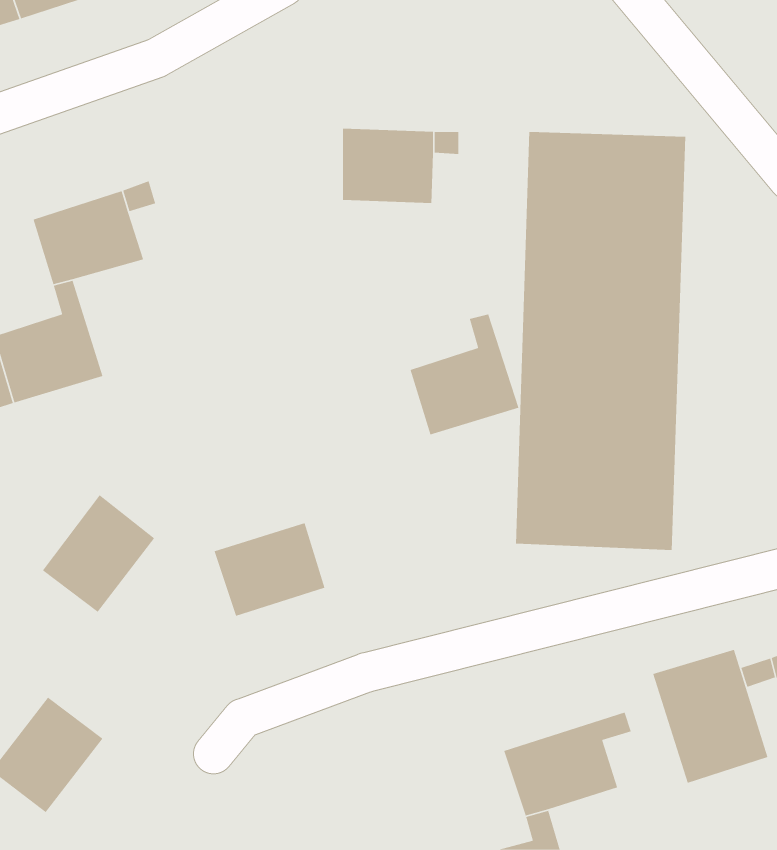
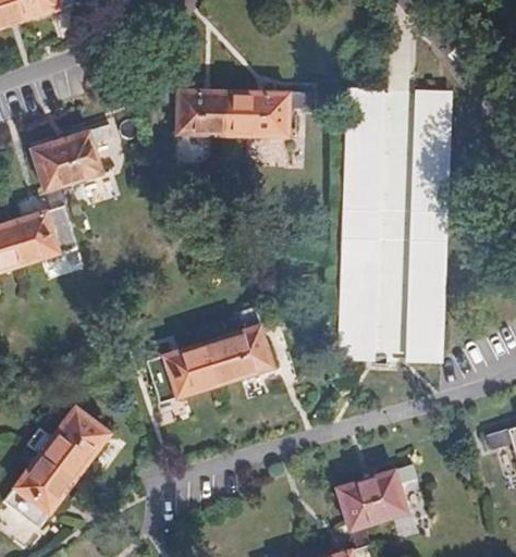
building: none -> [159,87,230,136]
building: [409,314,519,435] -> [206,307,277,385]
building: [42,494,155,613] -> [40,406,113,482]
building: [652,649,768,784] -> none

